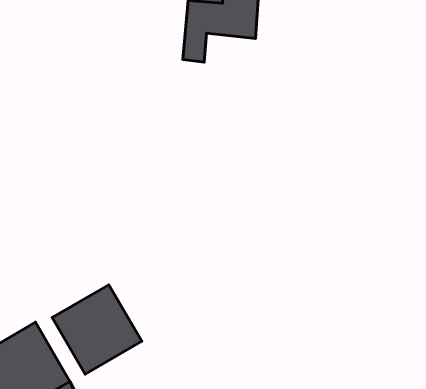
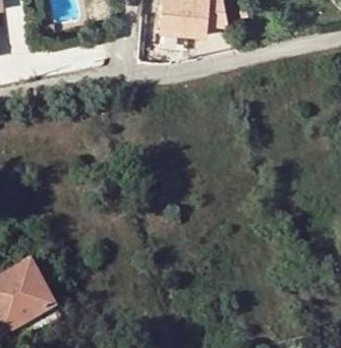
building: [52,285,142,374] -> none

